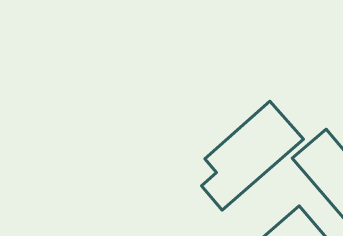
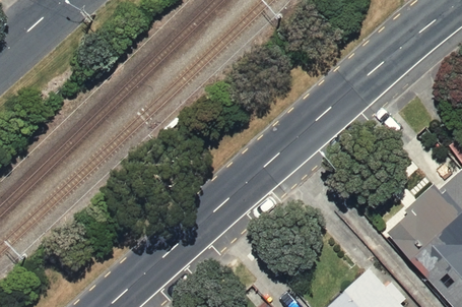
building: [201,101,303,210] -> none

